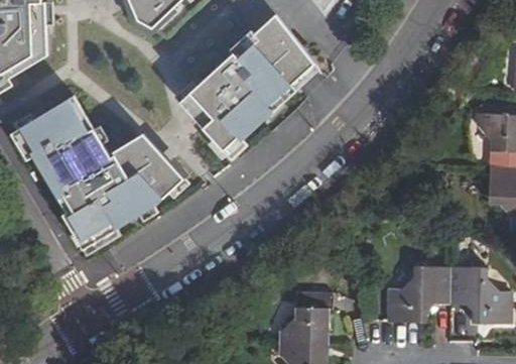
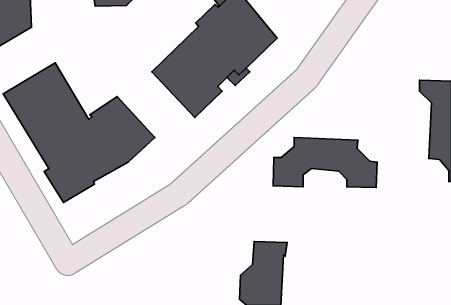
building: [390,266,505,322] -> [273,137,377,188]

